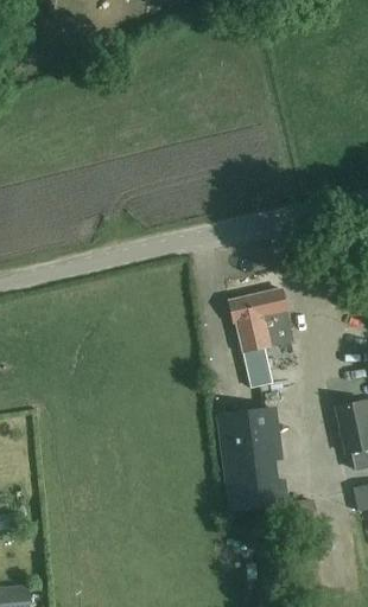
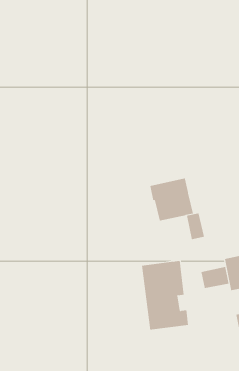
building: [243,349,271,388] -> [186,213,205,240]
building: none -> [201,266,229,289]

